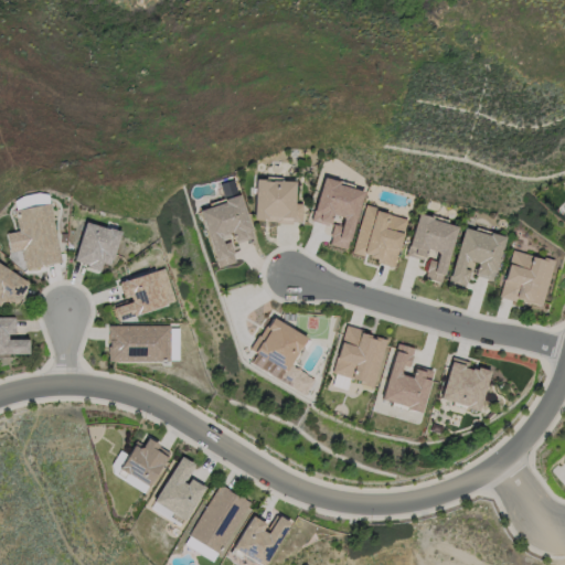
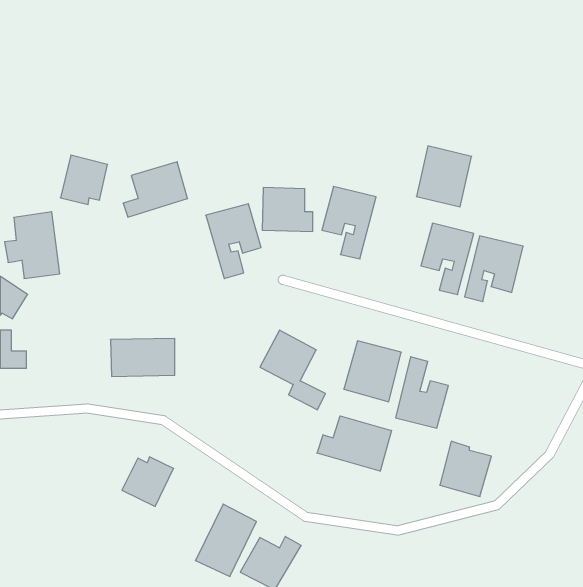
building: [355,207,408,266] -> [416,146,472,207]
building: [76,223,121,270] -> [60,155,108,205]
building: [502,250,555,308] -> none
building: [115,268,177,321] -> [123,162,188,217]
building: [443,358,492,411] -> [440,441,491,497]
building: none -> [317,416,392,471]
building: [156,457,205,521] -> none

